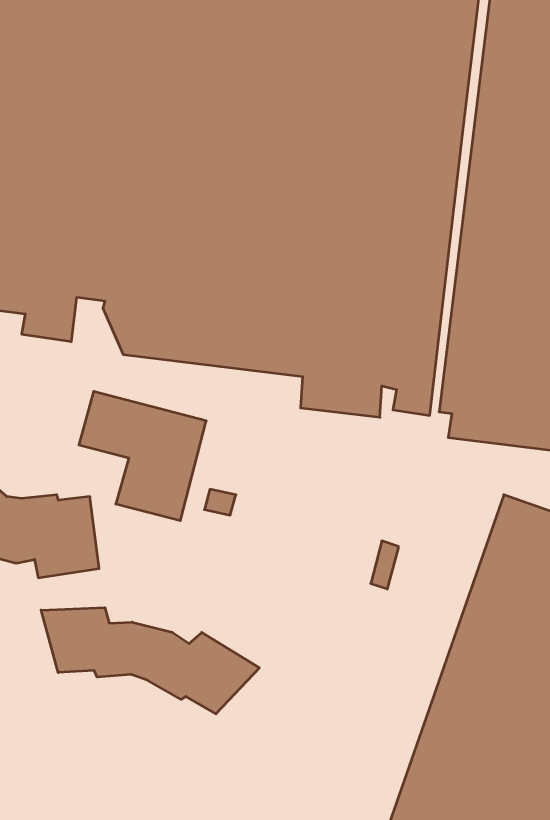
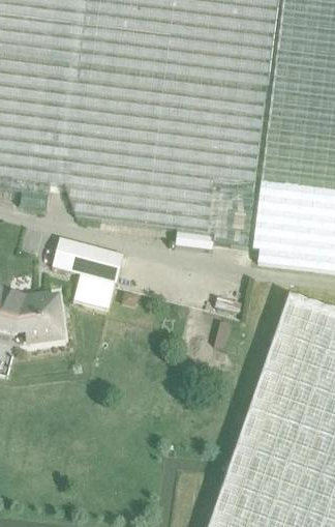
building: [41,608,259,714] -> none

